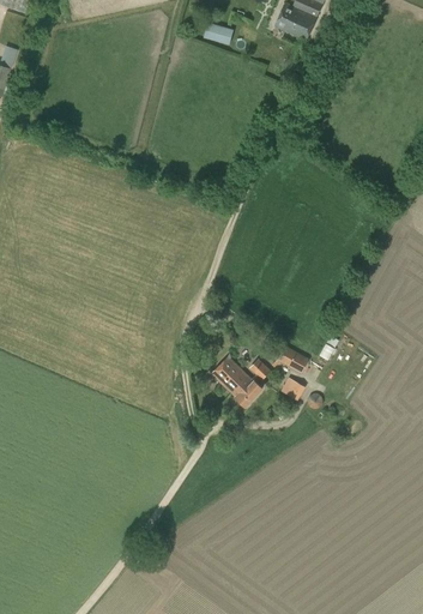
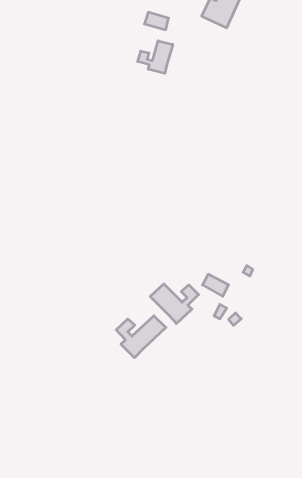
building: none -> [138,41,173,73]
building: none -> [116,316,166,358]

